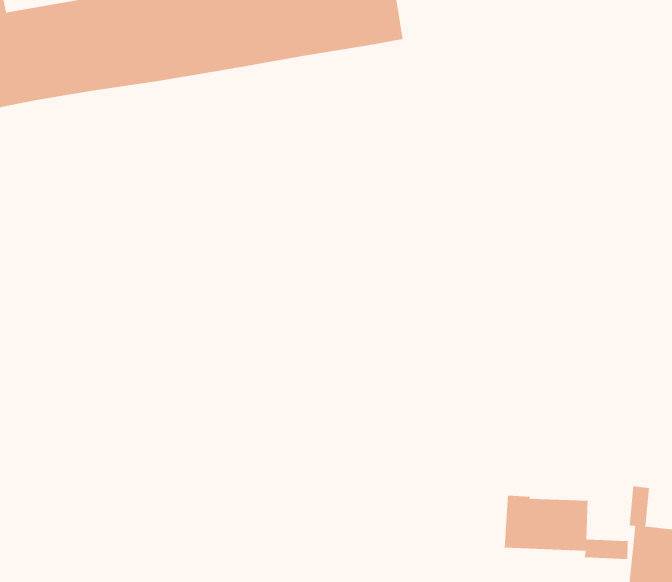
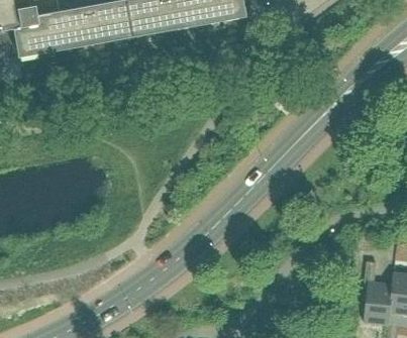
building: [504,495,628,560] -> none

